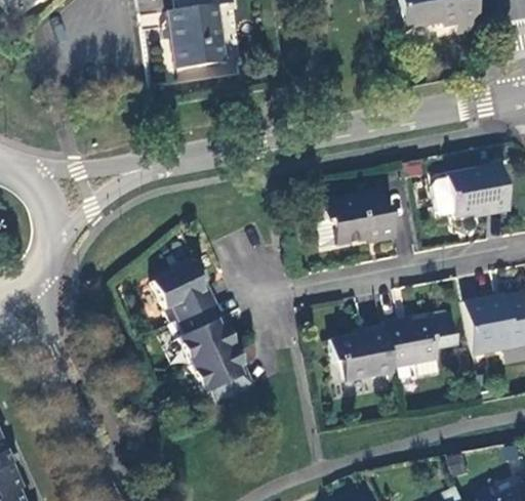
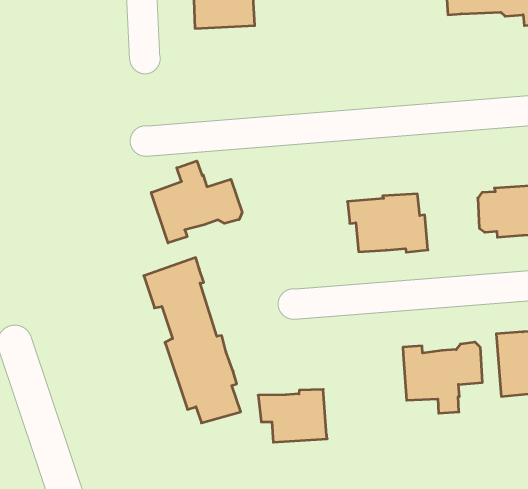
building: none -> [151,161,242,243]
building: [331,327,395,377] -> [258,389,327,442]

